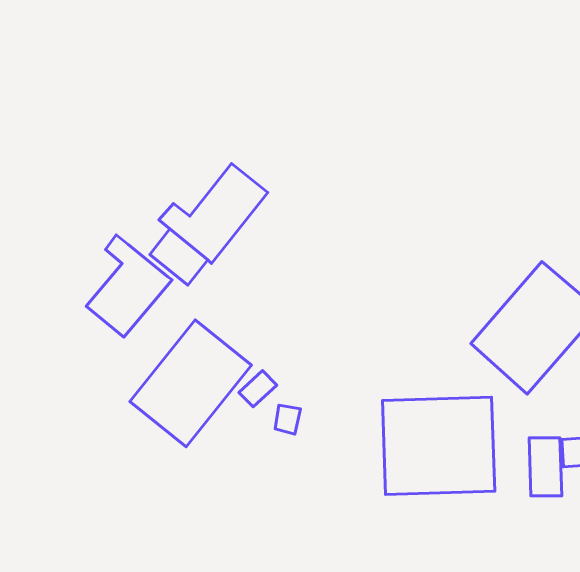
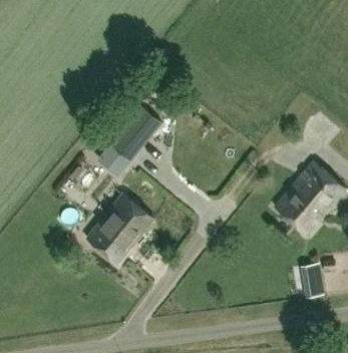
building: [86,235,172,337] -> none
building: [382,397,495,495] -> none

